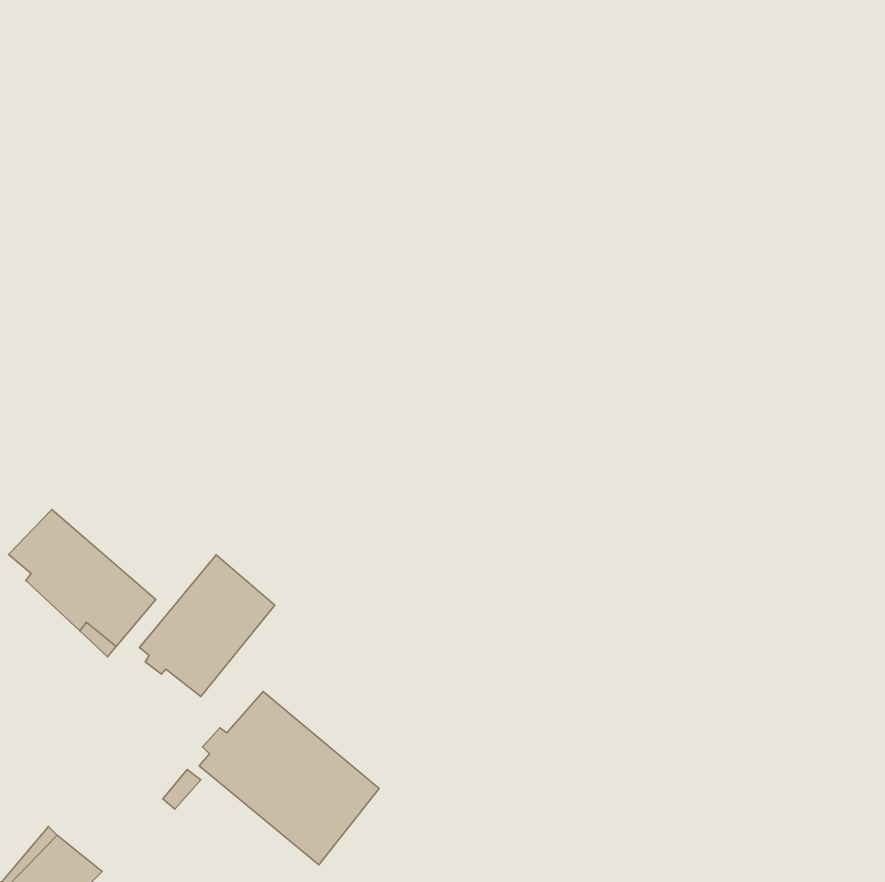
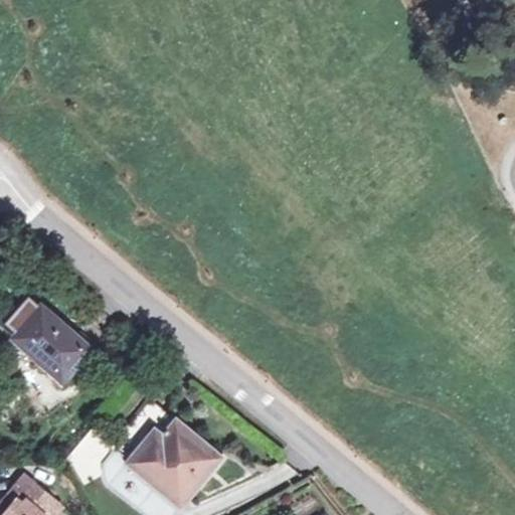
building: [139,555,275,696] -> none

